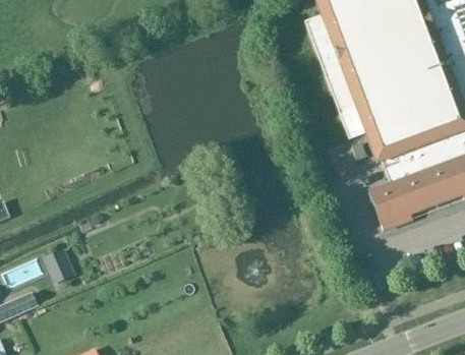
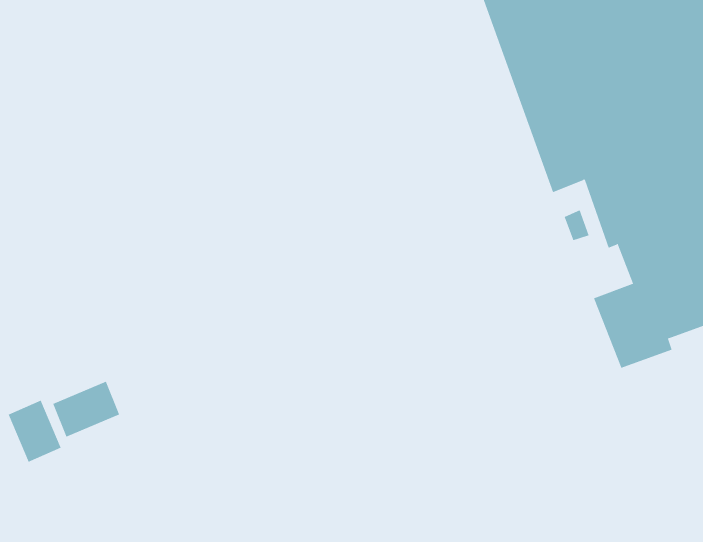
building: none -> [53,381,120,438]

